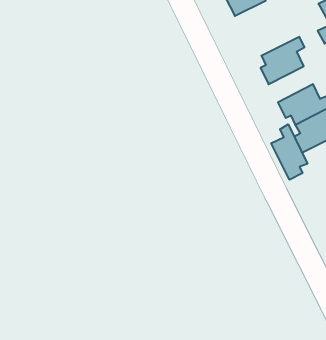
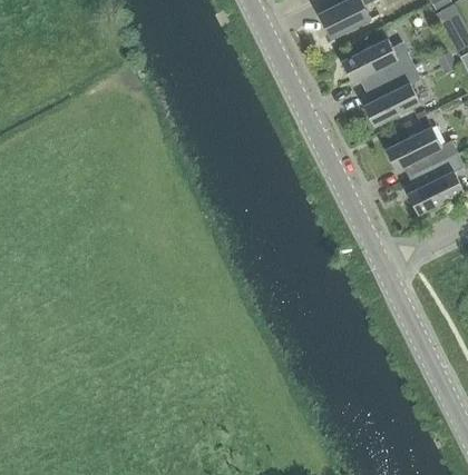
building: none -> [341,38,413,89]
building: [271,124,307,180] -> none

